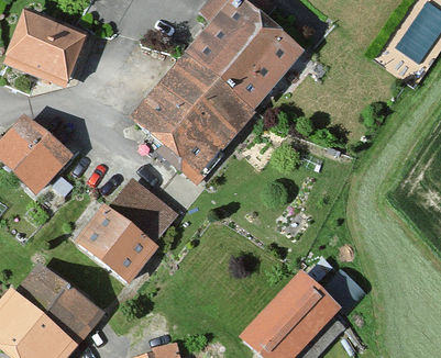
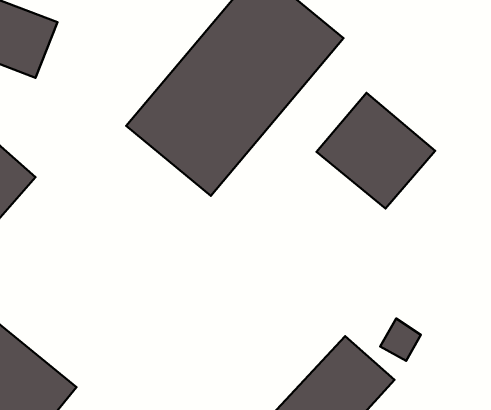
building: none -> [317,93,435,208]
building: [79,179,175,280] -> none

